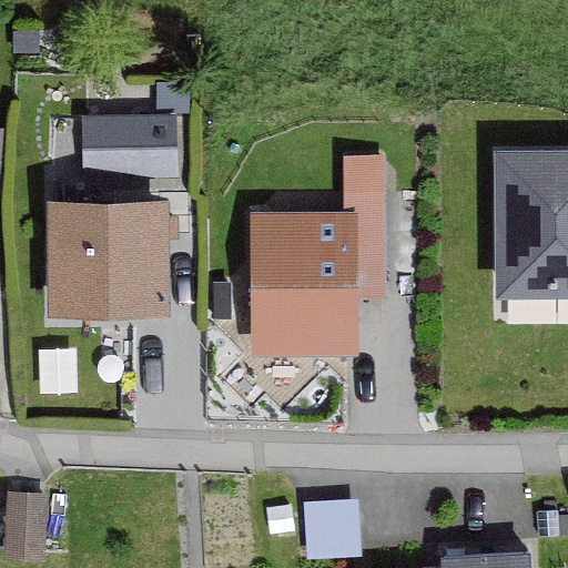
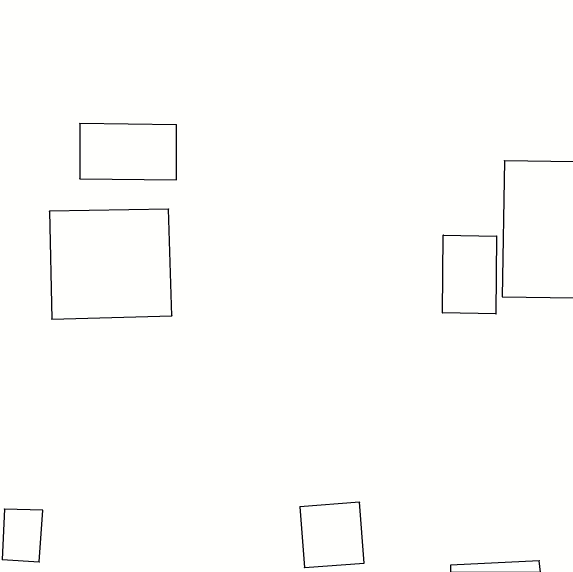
building: [252,162,383,355] -> none
building: none -> [443,235,497,314]

